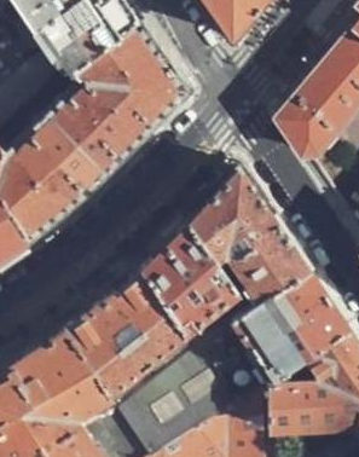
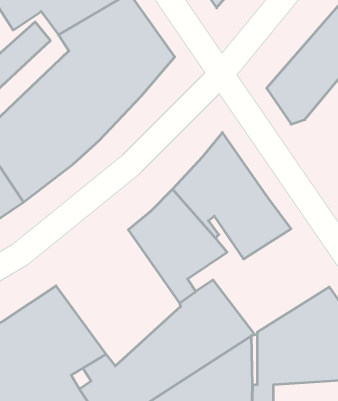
building: [226,270,347,380] -> none
building: [63,271,192,412] -> none

